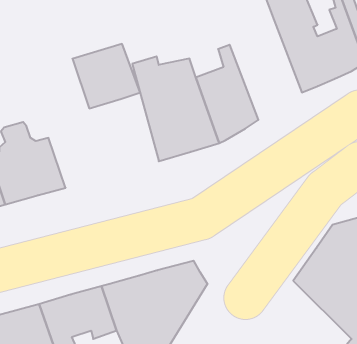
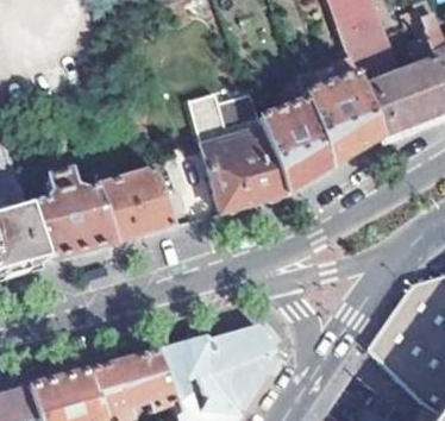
building: none -> [296,55,378,166]
building: [72,44,140,108] -> [94,170,170,243]

